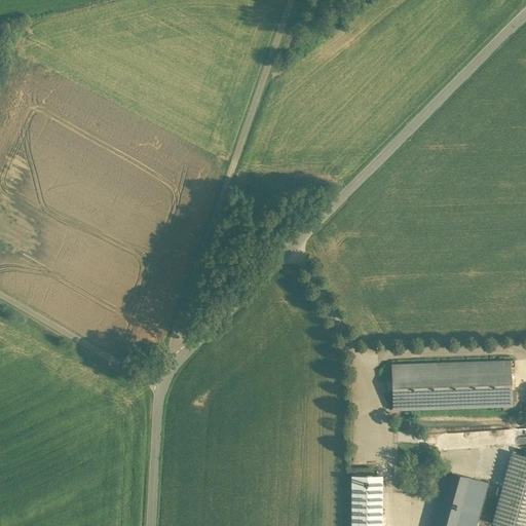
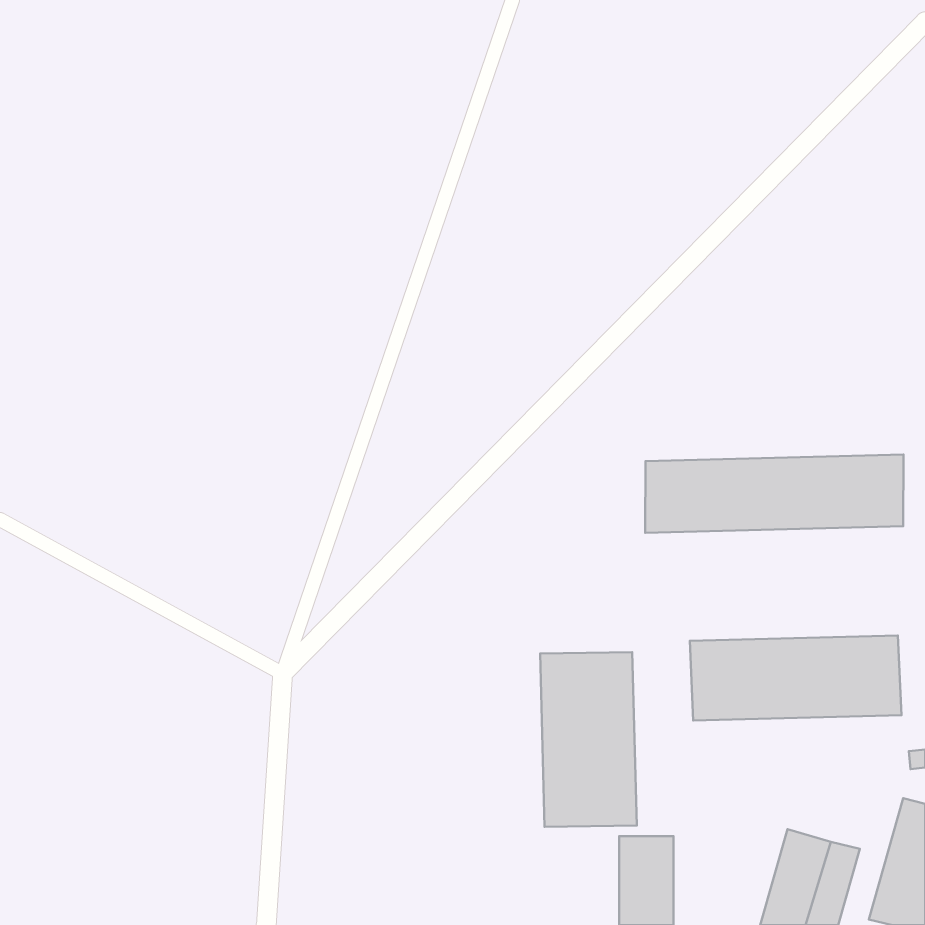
building: none -> [645,454,903,533]
building: none -> [540,652,637,827]

